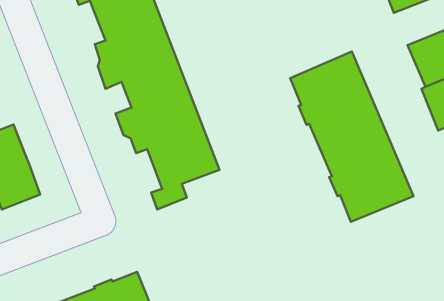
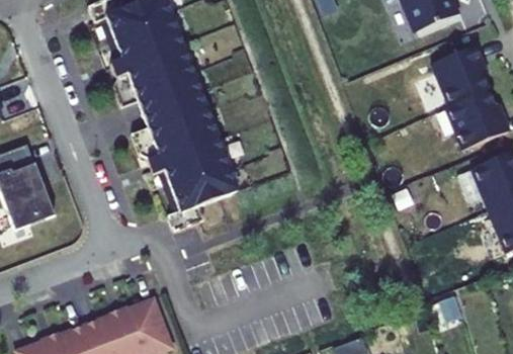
building: [290,52,413,222] -> none

